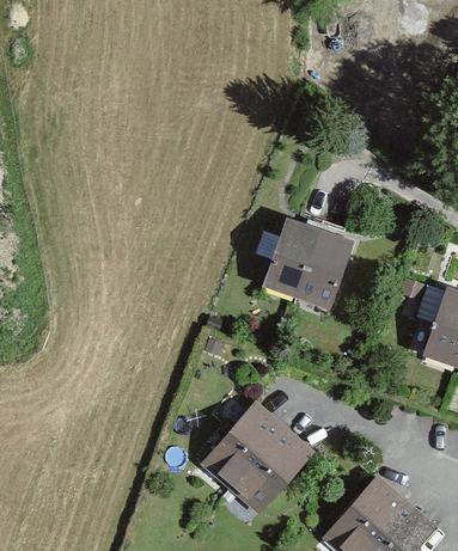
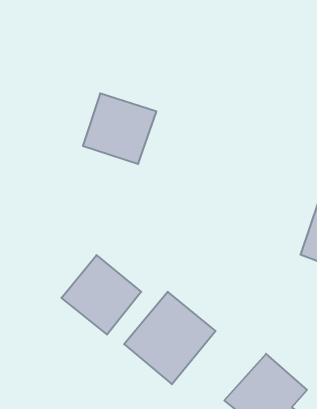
building: [261,219,353,307] -> [83,93,156,164]
building: none -> [61,255,141,335]

